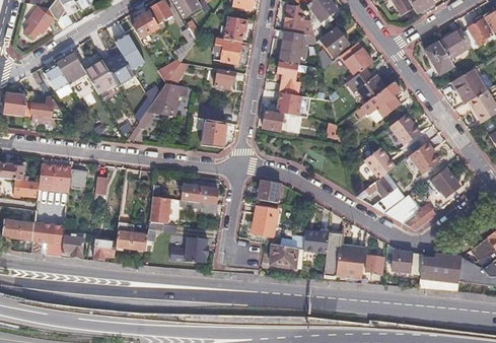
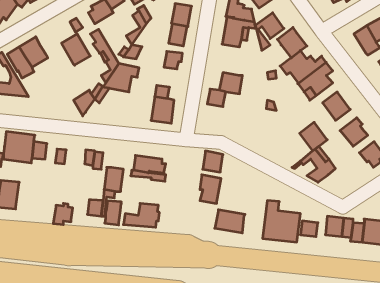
building: [84,60,116,93] -> none
building: [278,61,299,95] -> none
building: [384,196,436,230] -> none
building: [116,222,134,249] -> [105,201,121,225]
building: [303,230,329,256] -> none
building: [62,235,84,257] -> none

